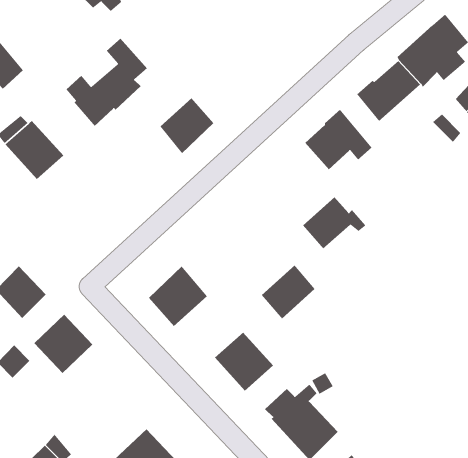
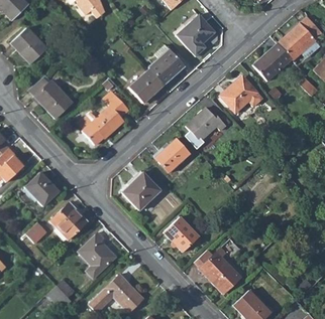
building: none -> [179,13,217,54]
building: [65,38,148,127] -> [78,90,129,145]
building: none -> [147,43,184,84]
building: [302,196,367,250] -> [187,107,227,140]
building: [261,265,316,320] -> [155,139,190,173]
building: none -> [80,231,116,277]

